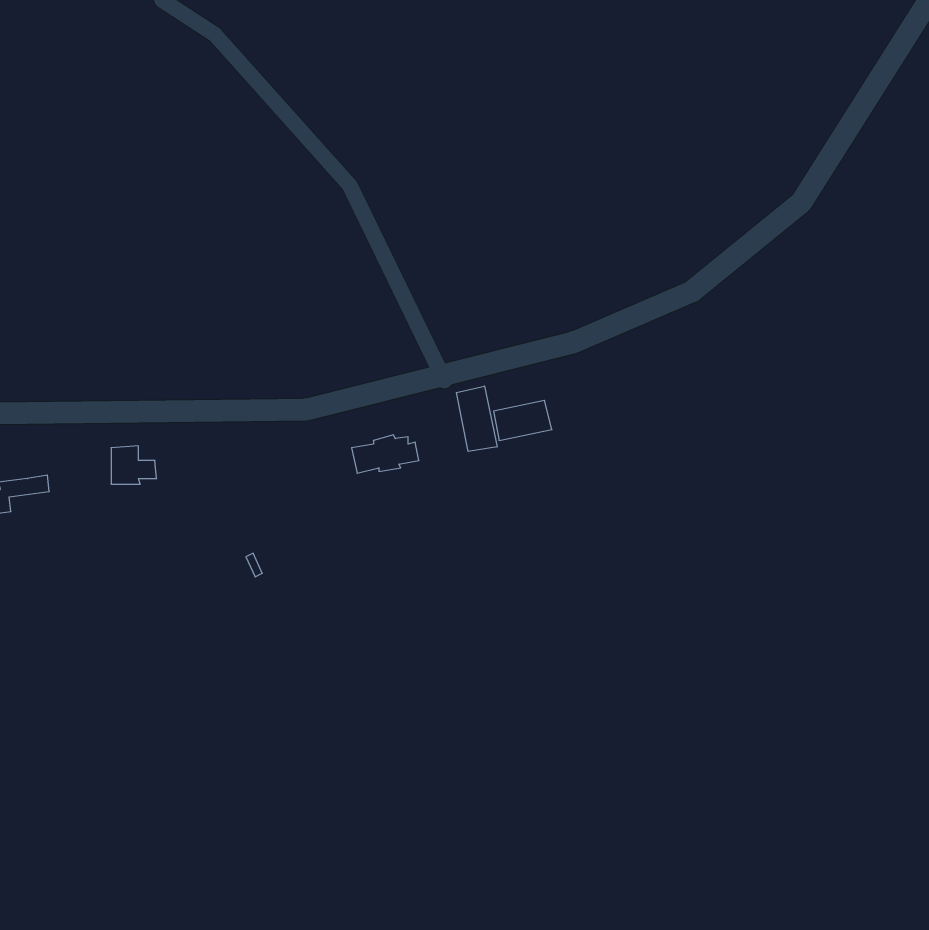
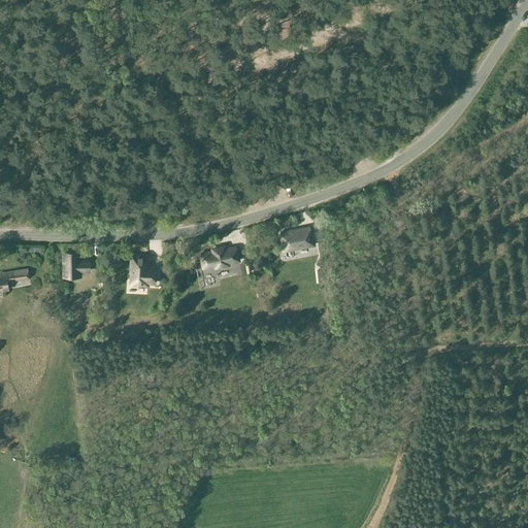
building: [456,386,497,451] -> none
building: none -> [130,257,155,285]

